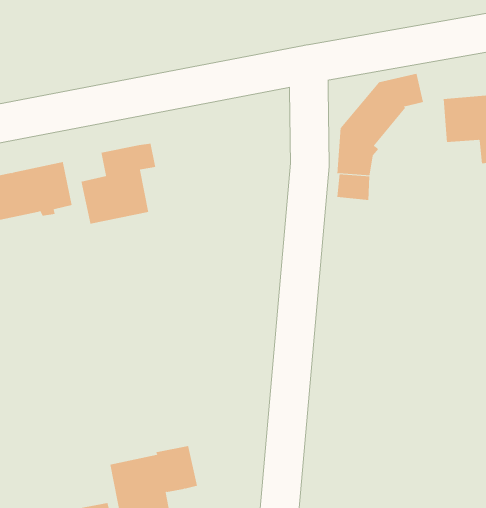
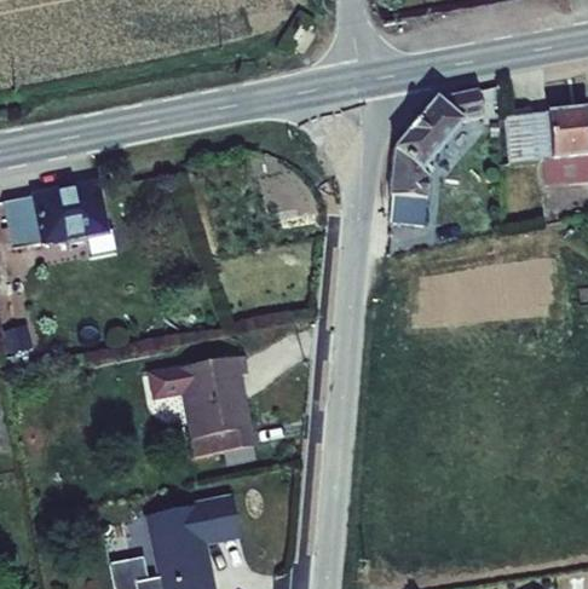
building: [81,143,156,225] -> none
building: none -> [146,353,255,457]

